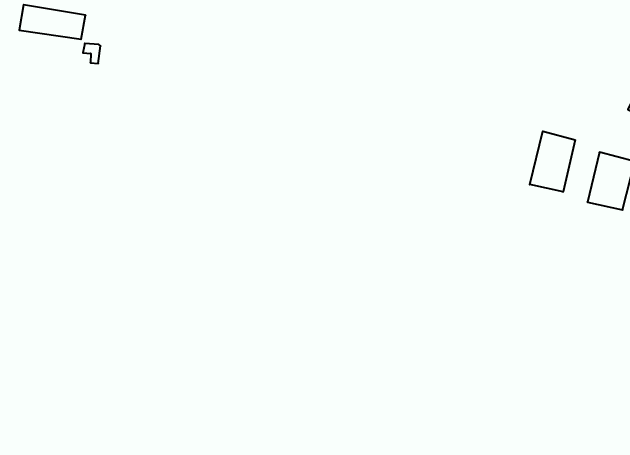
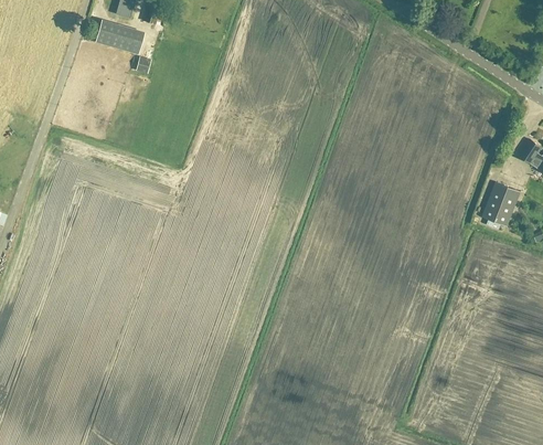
building: [530,131,575,192] -> none

